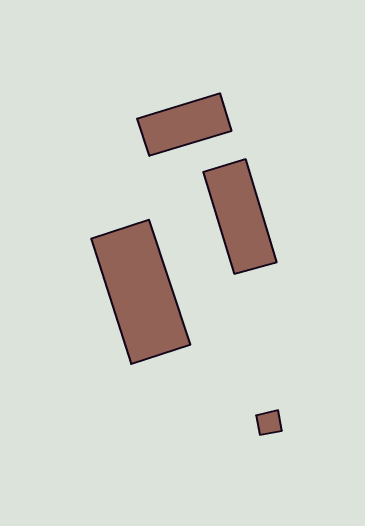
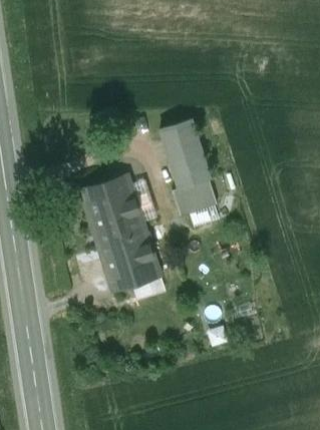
building: [137,93,231,156] -> none

